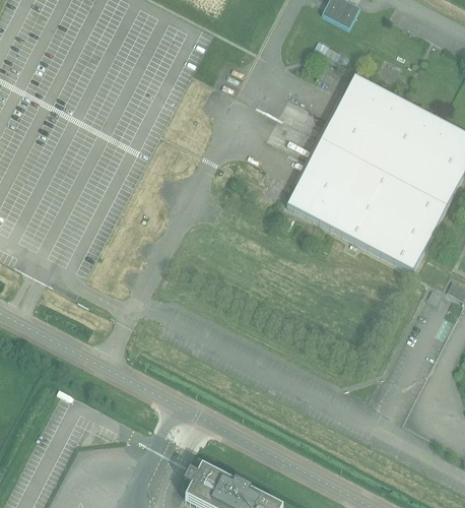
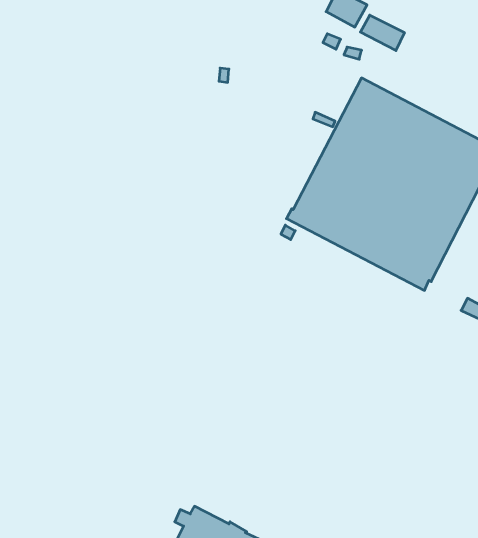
building: none -> [360,15,404,51]

